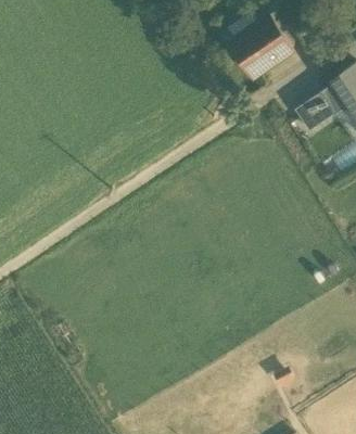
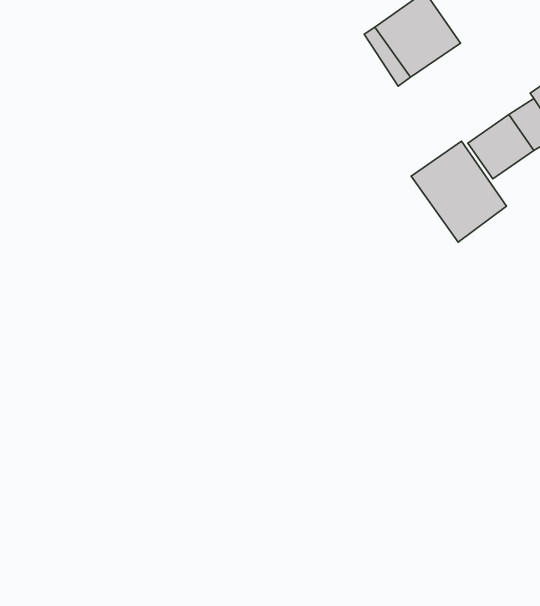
building: none -> [411,141,507,242]

